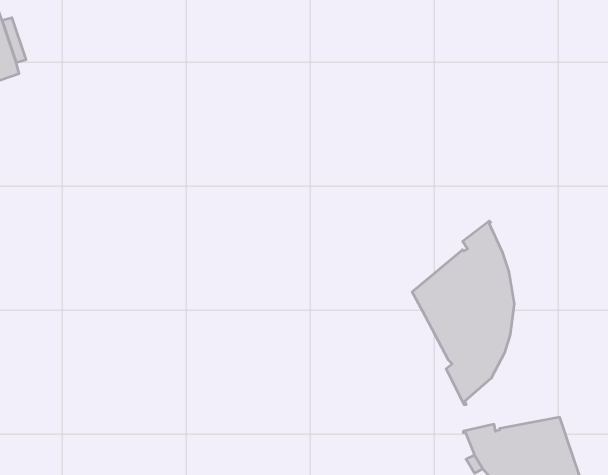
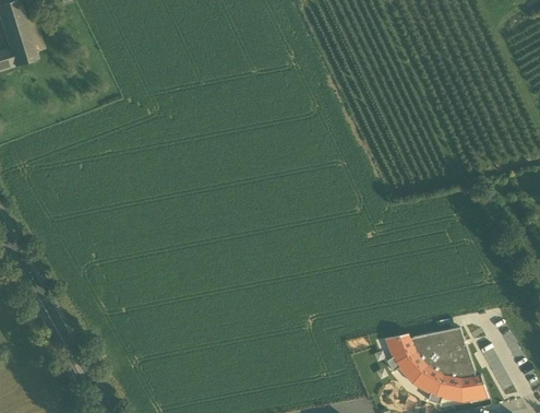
building: [412,221,514,405] -> none

